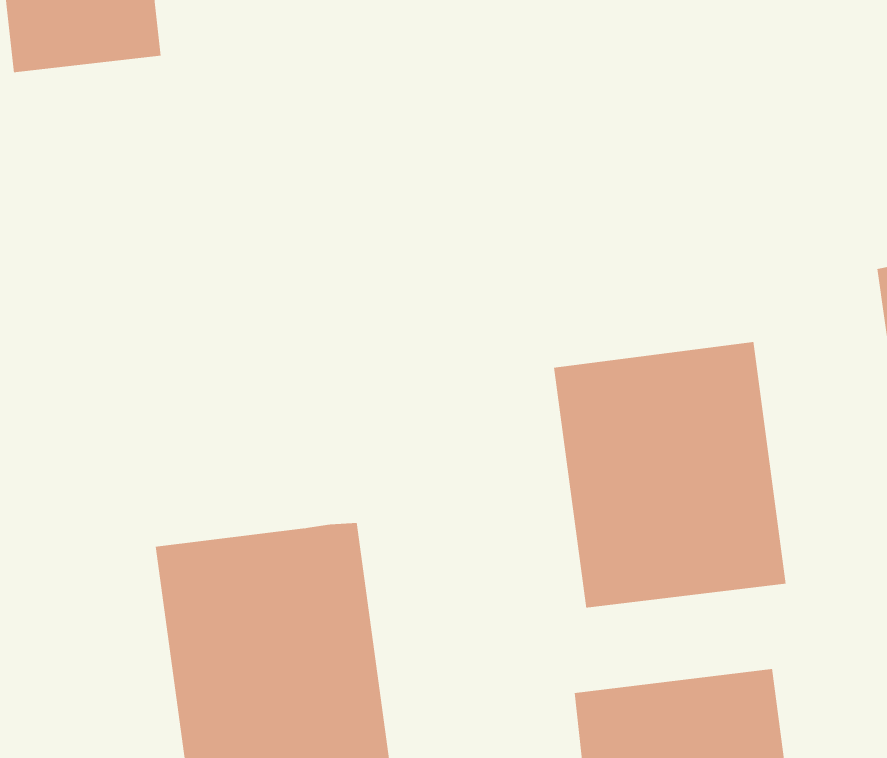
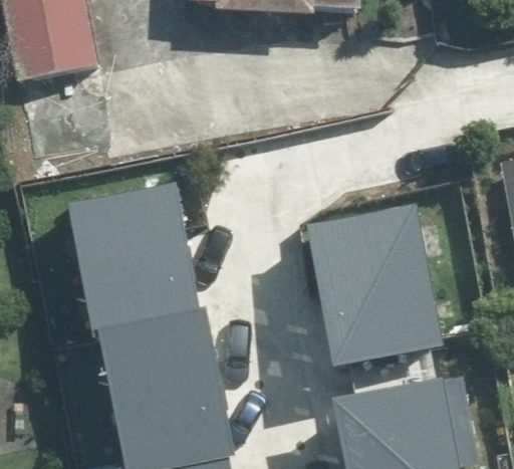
building: none -> [65,188,199,338]

